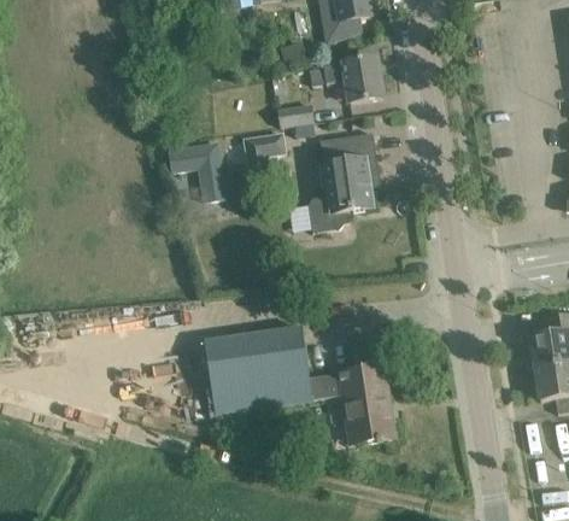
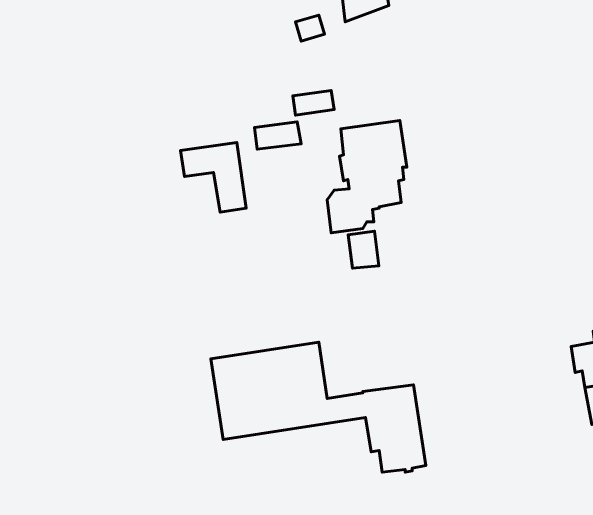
building: [324,55,383,101] -> none
building: none -> [348,231,379,268]

